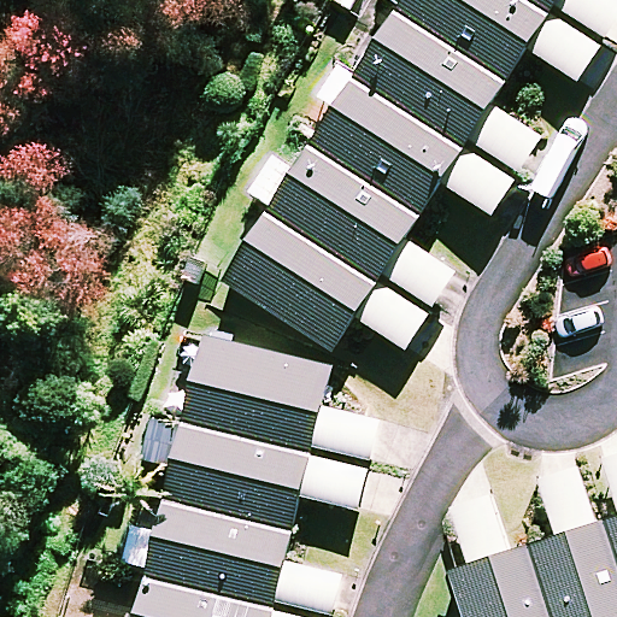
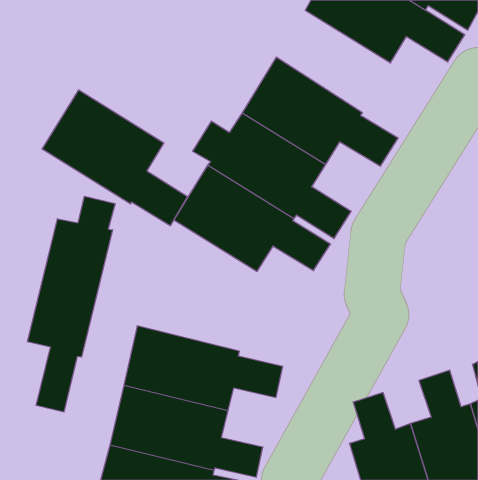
building: [354,13,536,169] -> none
building: none -> [42,90,188,226]
building: none -> [27,196,115,412]
building: [176,334,375,458] -> none

